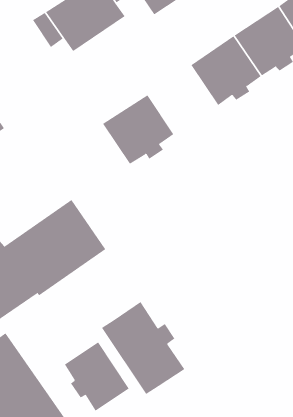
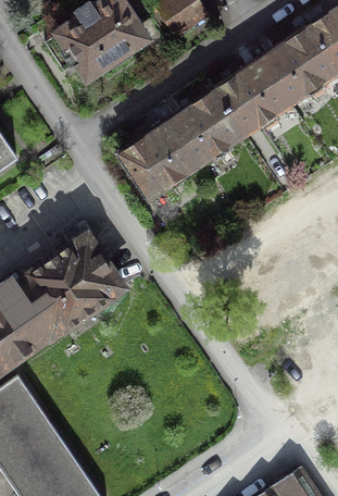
building: none -> [168,89,243,163]
building: [101,301,185,395] -> none
building: [64,342,129,411] -> none

